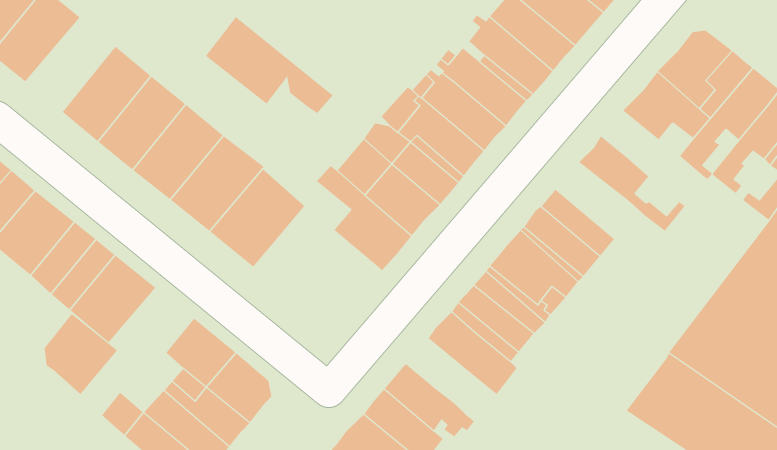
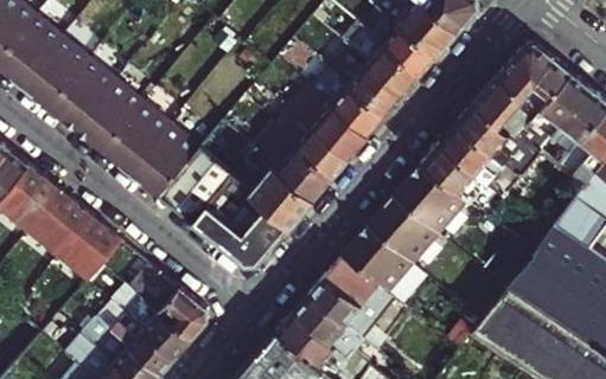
building: [205,16,334,114] -> none
building: none -> [21,34,89,105]
building: none -> [455,104,536,176]
building: none -> [421,143,504,217]
building: none -> [193,194,291,265]
building: [44,313,118,395] -> none
building: none -> [308,276,377,339]

